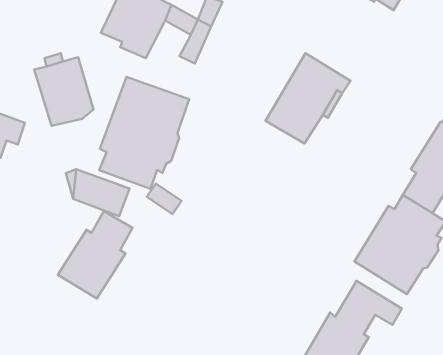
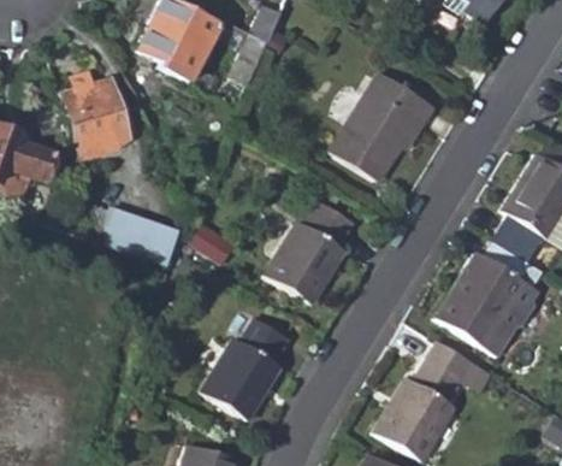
building: [99,77,189,189] -> none
building: none -> [266,200,353,302]
building: [58,211,133,298] -> [201,317,289,419]

